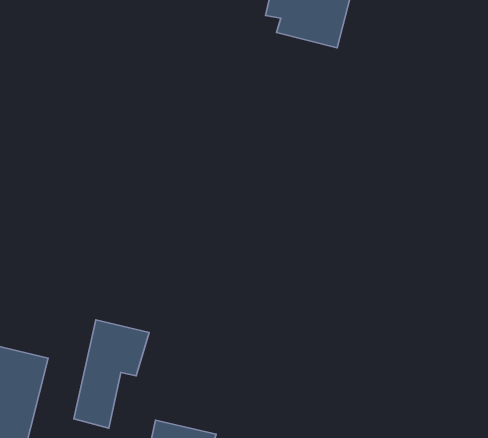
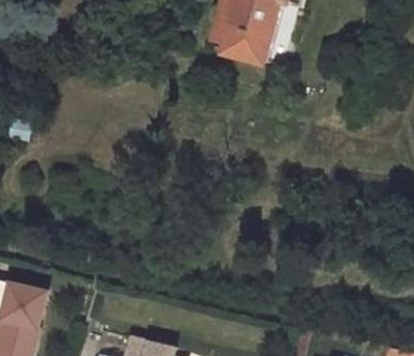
building: [74,320,149,428] -> none

